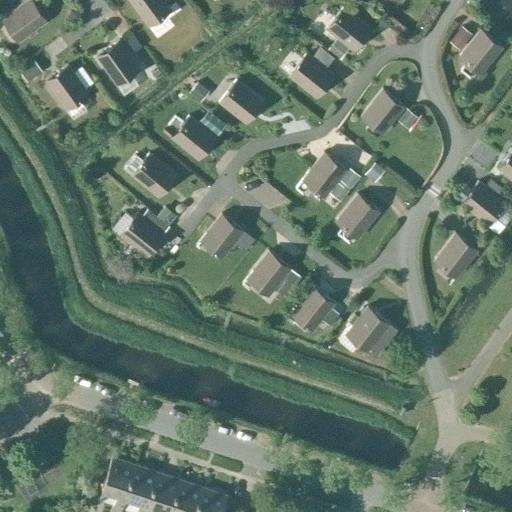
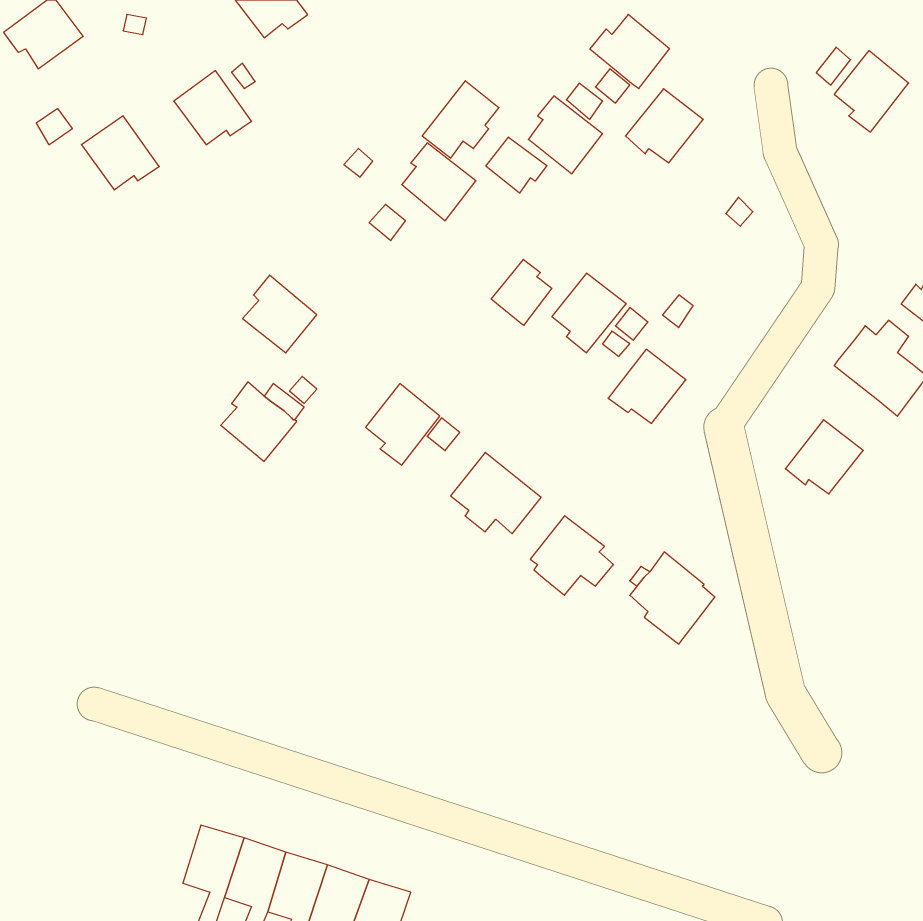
building: none -> [422,81,499,158]
building: none -> [486,137,547,193]
building: [362,90,405,131] -> [625,89,703,163]
building: [175,116,216,160] -> none
building: none -> [491,259,552,325]

